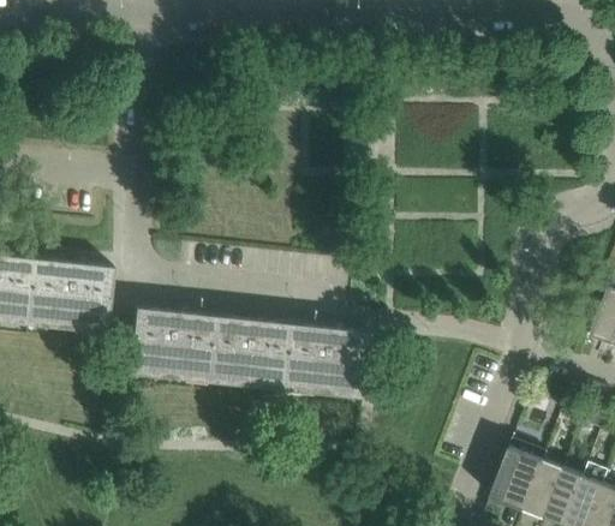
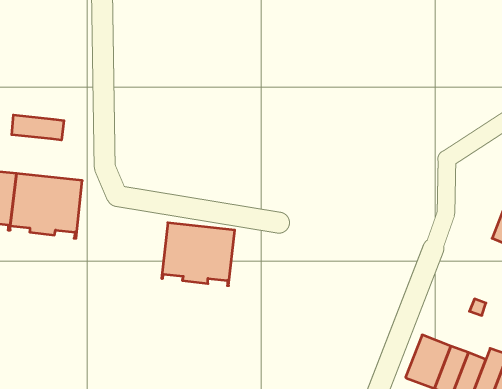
building: none -> [12,115,64,140]
building: [127,306,213,379] -> none
building: [283,323,369,398] -> none

